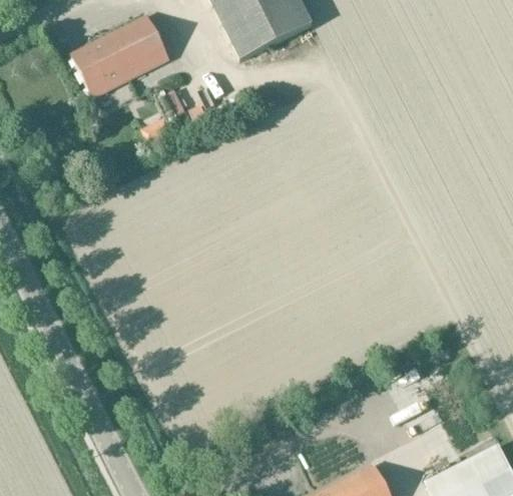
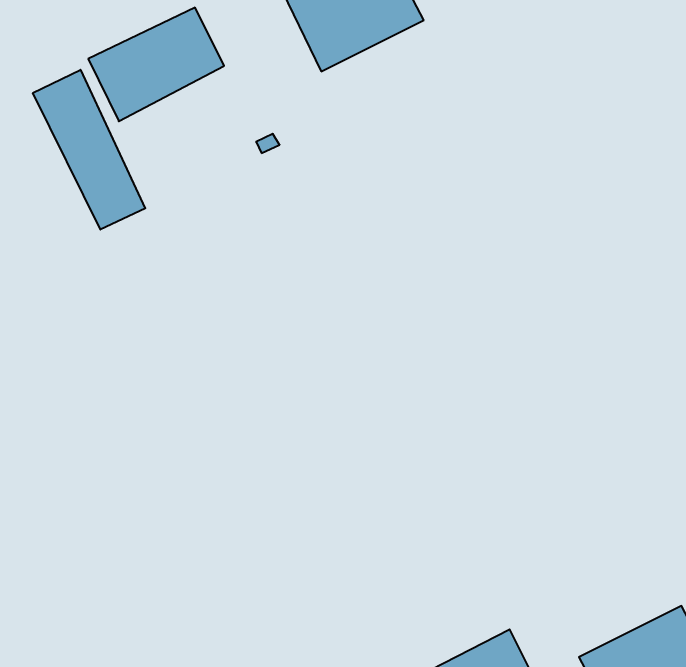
building: none -> [33,70,145,230]

